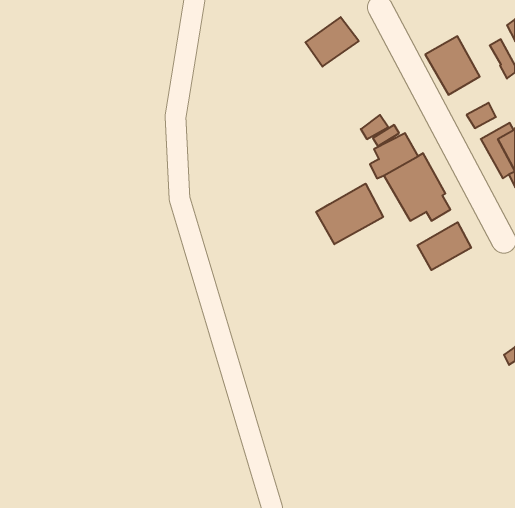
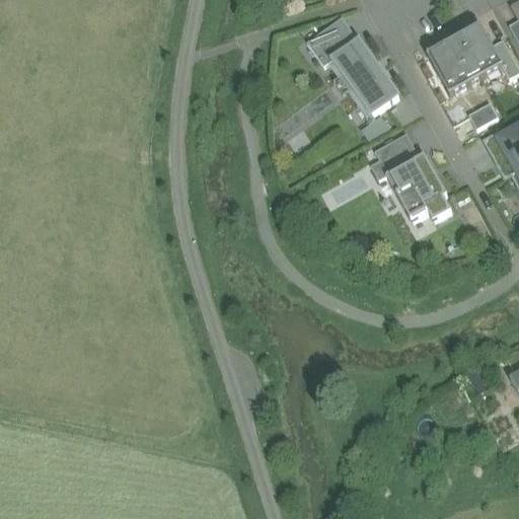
building: none -> [460,24,504,77]
building: none -> [335,42,400,116]
building: [316,184,383,244] -> none
building: [417,222,471,270] -> none

